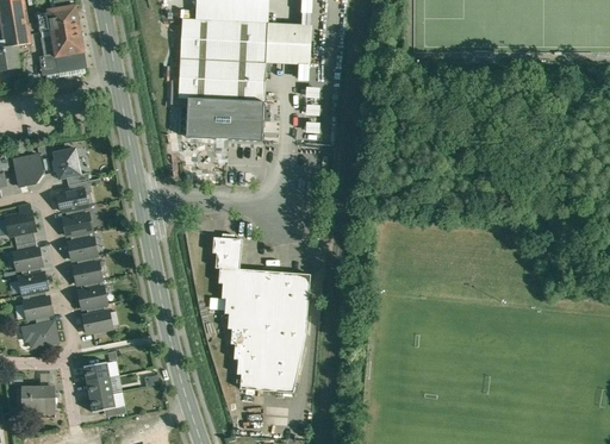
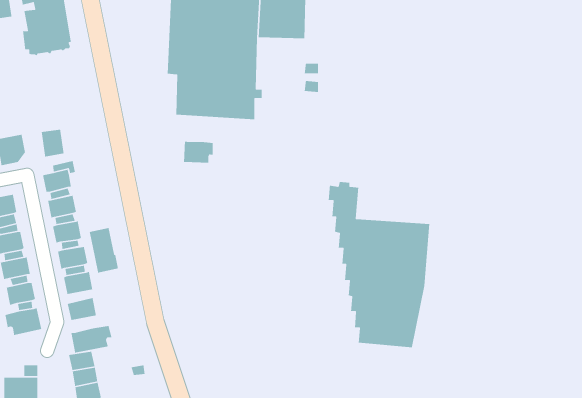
building: none -> [183,141,214,164]
building: [212,233,310,393] -> [328,181,430,348]
building: none -> [89,227,119,273]
building: none -> [70,325,112,354]

